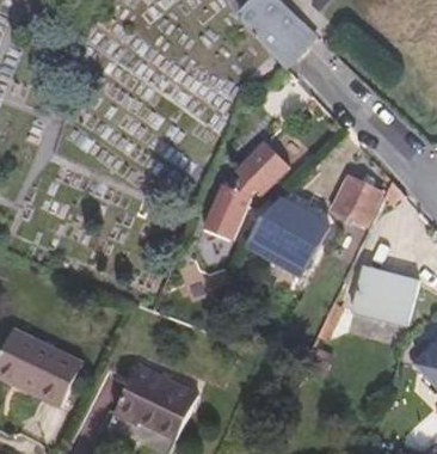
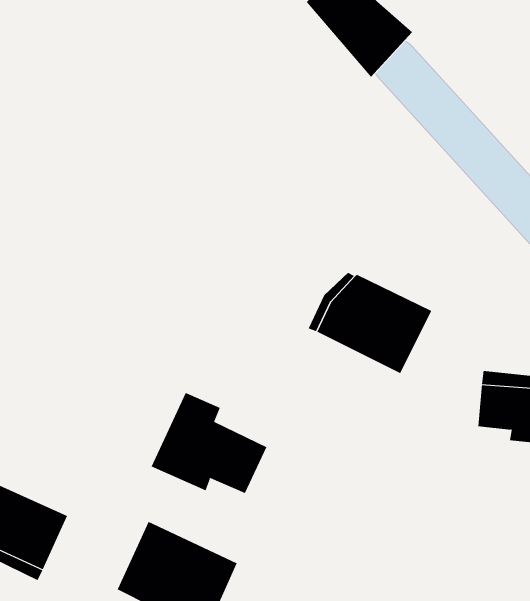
building: [204,142,289,241] -> none
building: [333,176,382,225] -> none
building: none -> [151,392,267,494]

